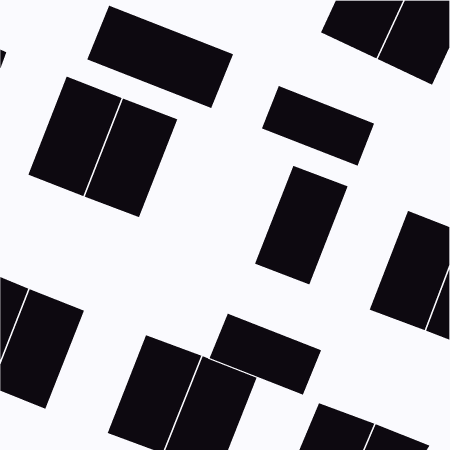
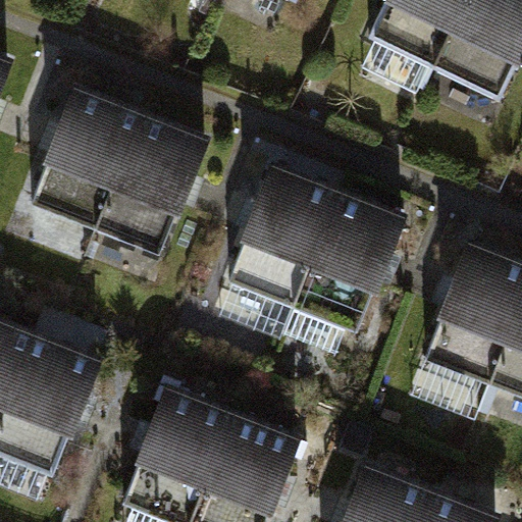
building: [86,5,234,109] -> none
building: [261,85,375,167] -> none
building: none -> [228,166,338,306]
building: [209,313,322,395] -> none

